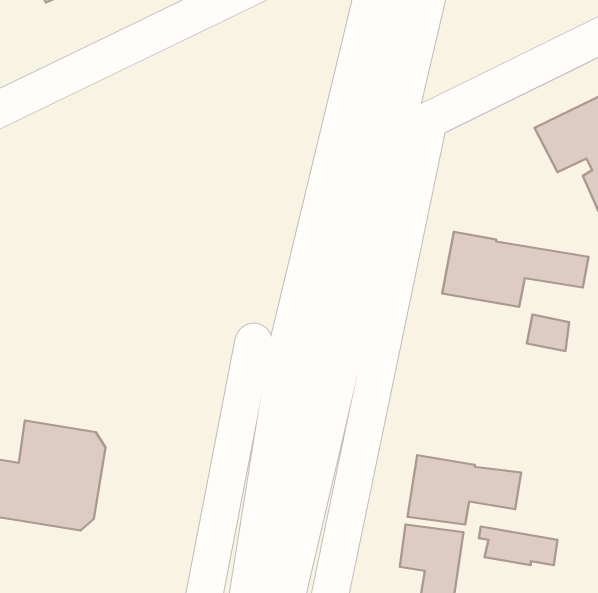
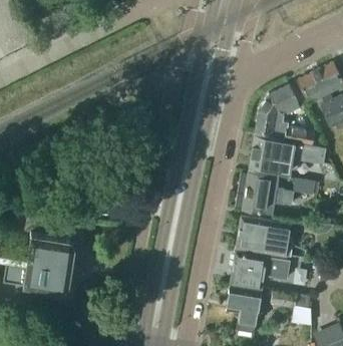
building: none -> [255,86,314,147]
building: none -> [243,172,284,217]
building: none -> [237,218,293,258]

